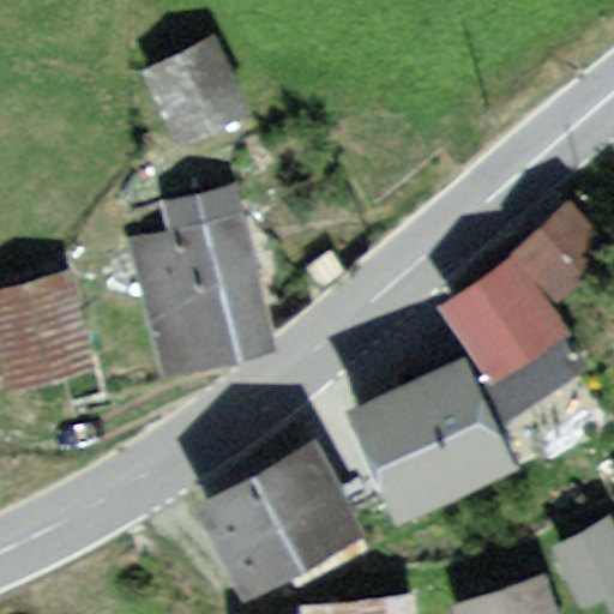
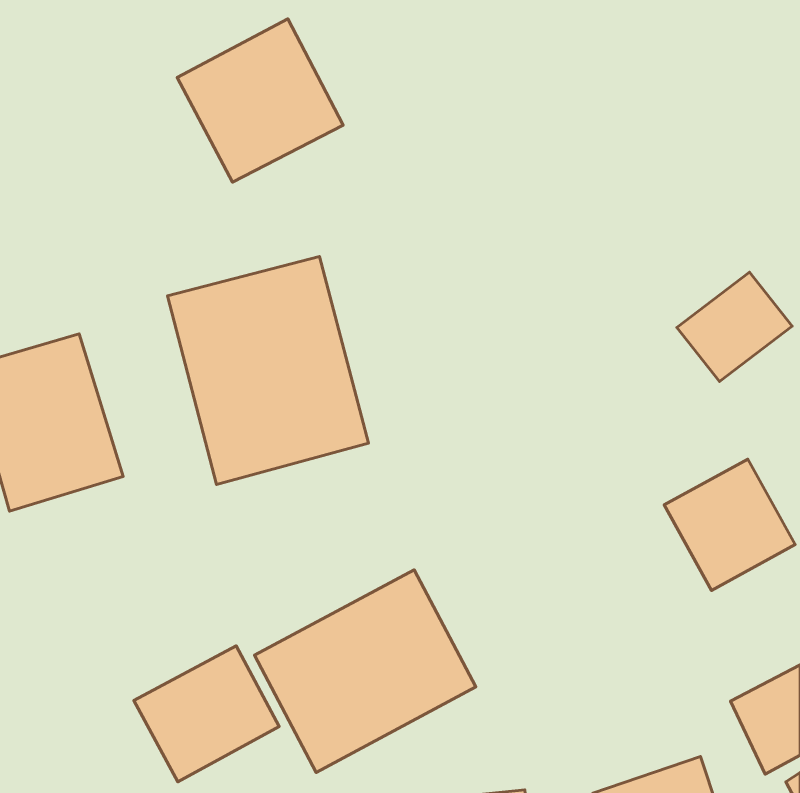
building: [457,260,567,373] -> none
building: [354,353,516,516] -> none
building: none -> [134,646,279,782]

